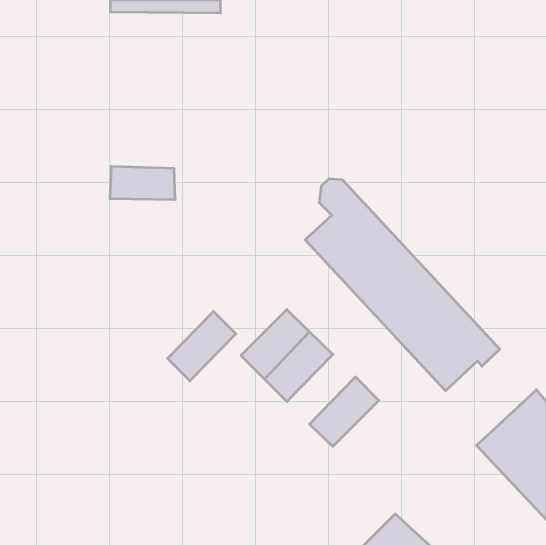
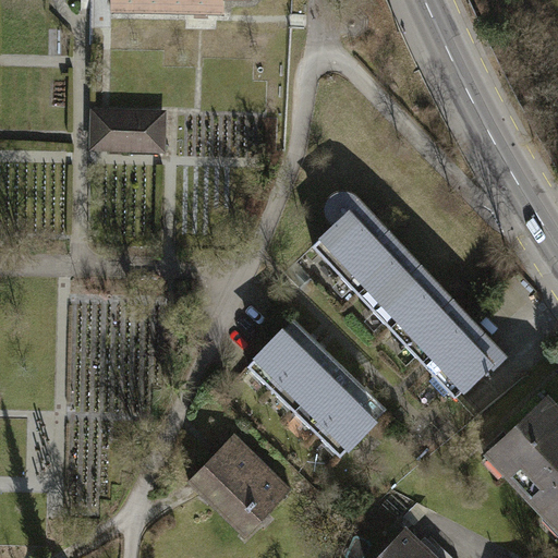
building: [110,166,175,200] -> [97,116,163,149]
building: [167,311,236,381] -> [293,363,363,434]
building: none -> [187,435,291,538]

